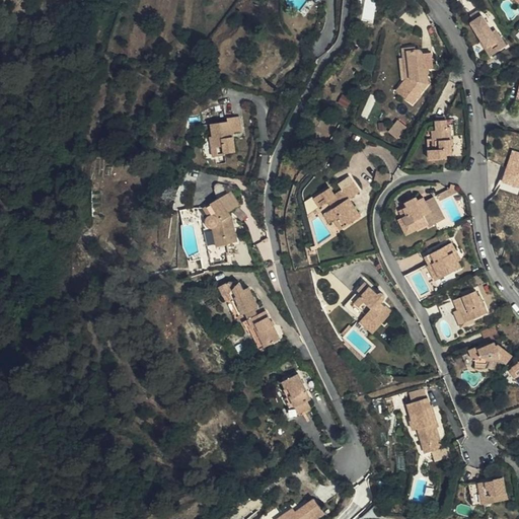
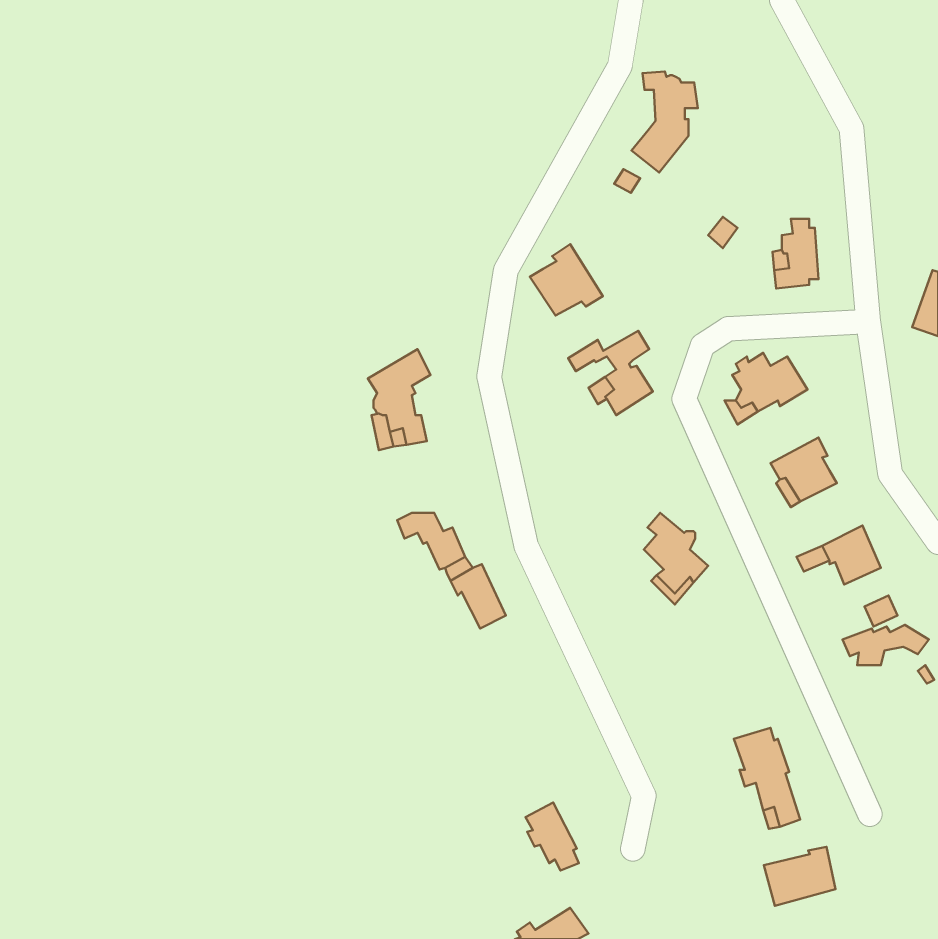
building: [473,15,507,56] -> none
building: [398,46,435,101] -> [632,71,698,172]
building: [210,119,239,157] -> none
building: none -> [530,244,603,315]
building: [282,375,311,413] -> [525,803,579,871]
building: [467,477,507,510] -> [764,847,836,906]

